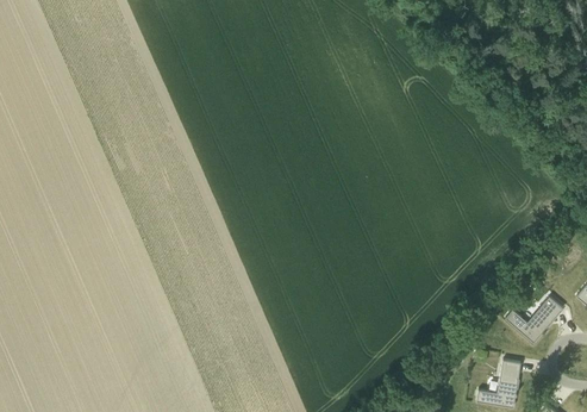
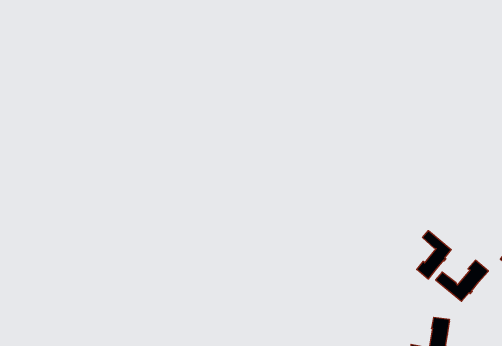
building: none -> [417,231,451,279]

